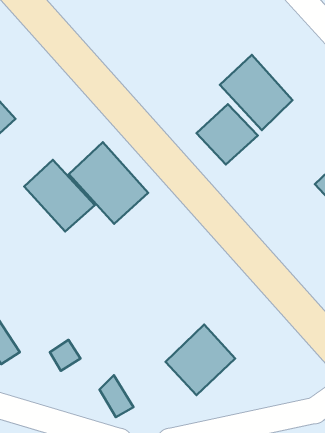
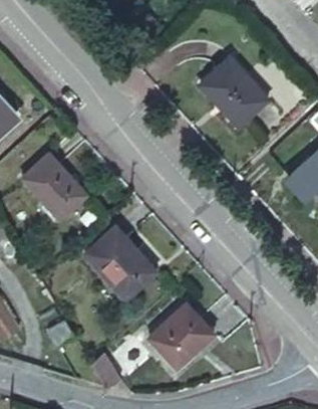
building: [196,104,258,164] -> none
building: [69,142,148,224] -> [85,227,157,301]

